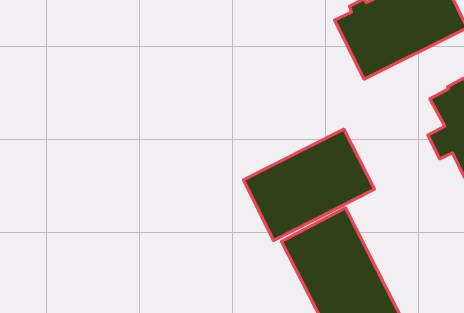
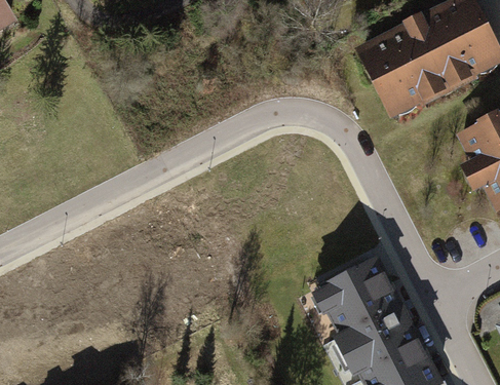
building: [243,129,374,241] -> none

